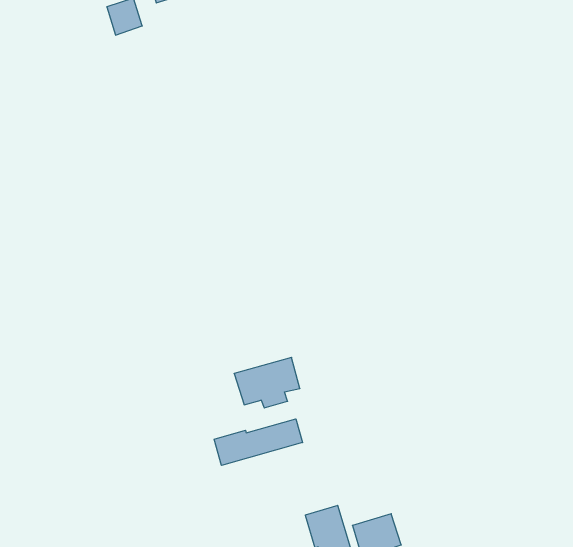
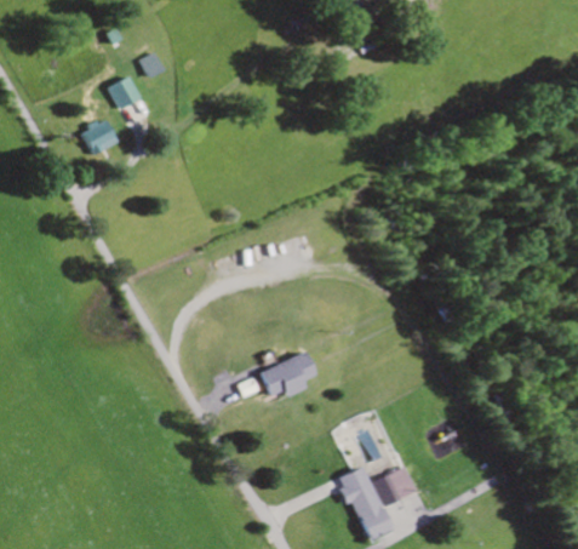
building: none -> [82,122,118,156]
building: [214,419,303,465] -> none

